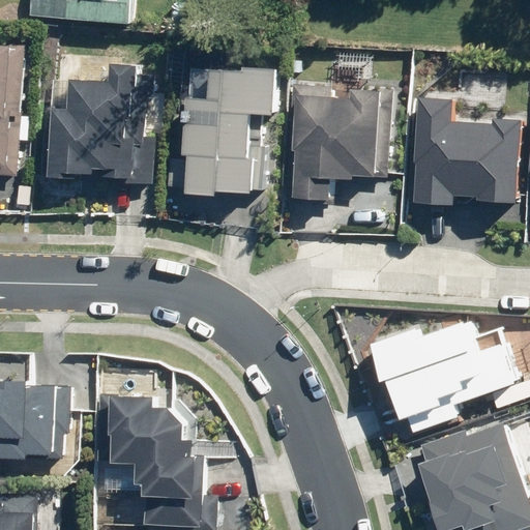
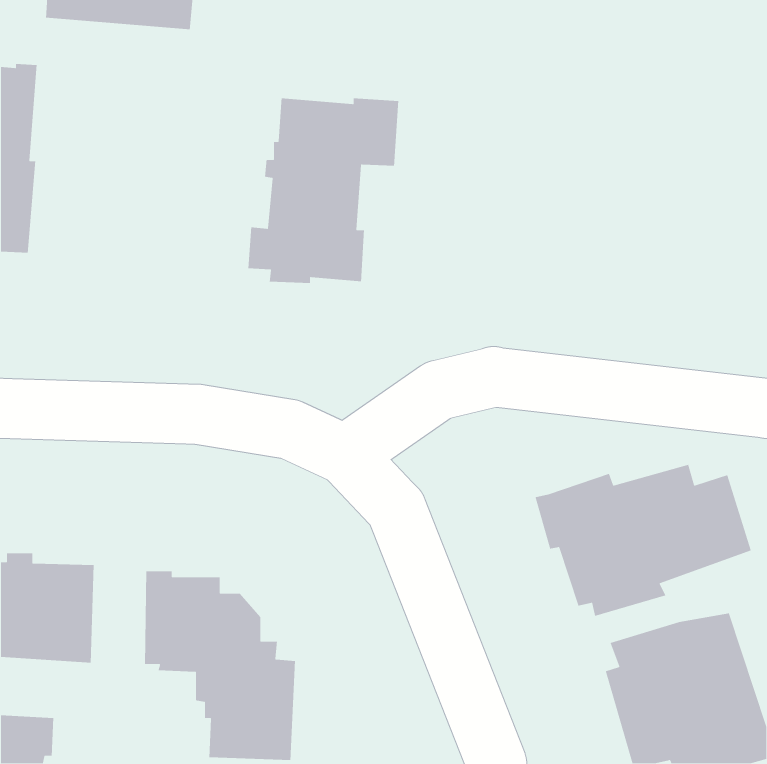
building: [49,64,138,180] -> none
building: [288,89,382,201] -> none
building: [410,97,521,206] -> none

